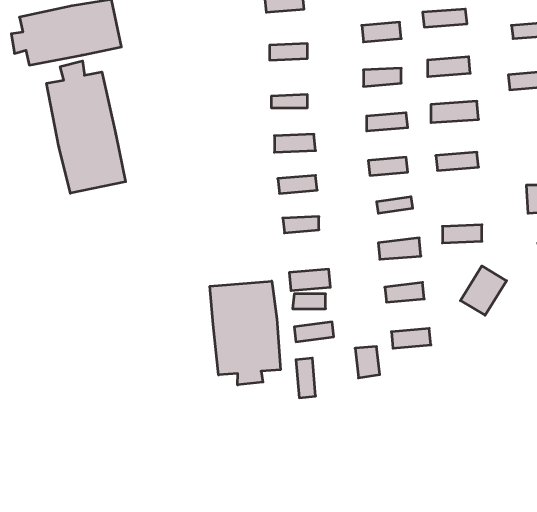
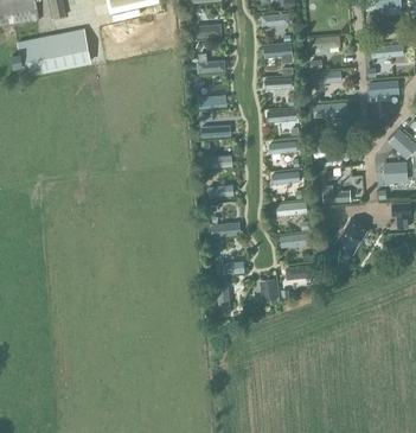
building: [47,61,126,193] -> none
building: [210,281,280,385] -> none

